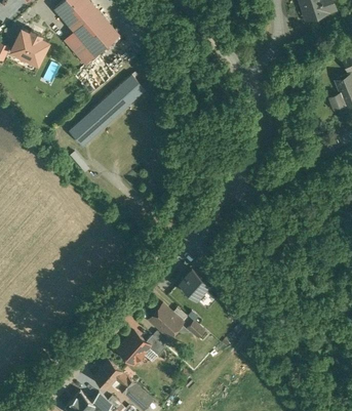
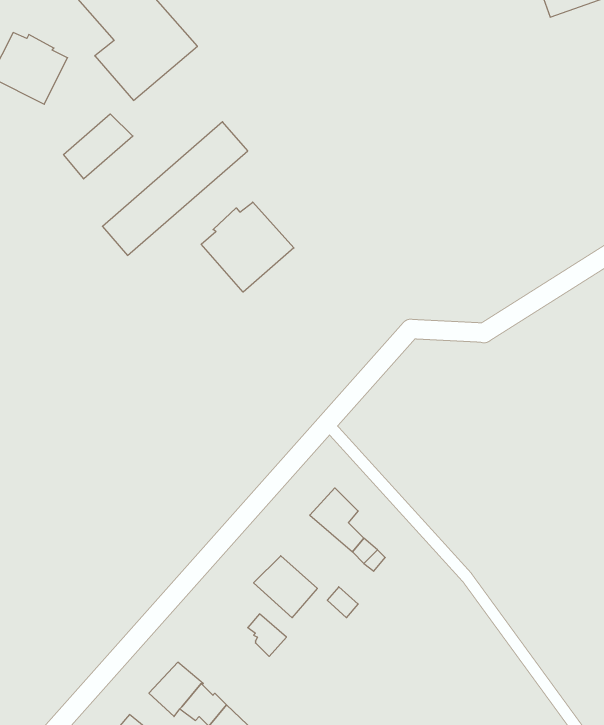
building: none -> [64,114,133,179]
building: none -> [201,202,294,292]
building: [118,332,150,364] -> none

